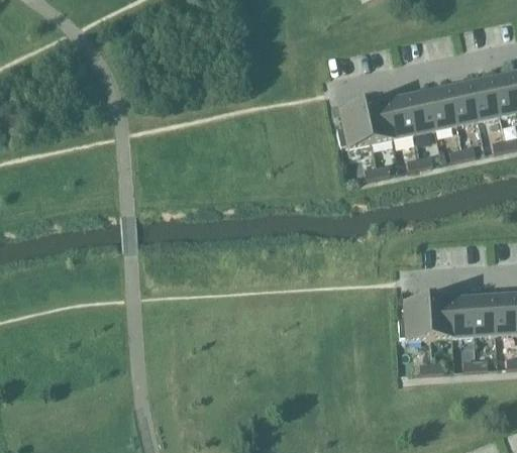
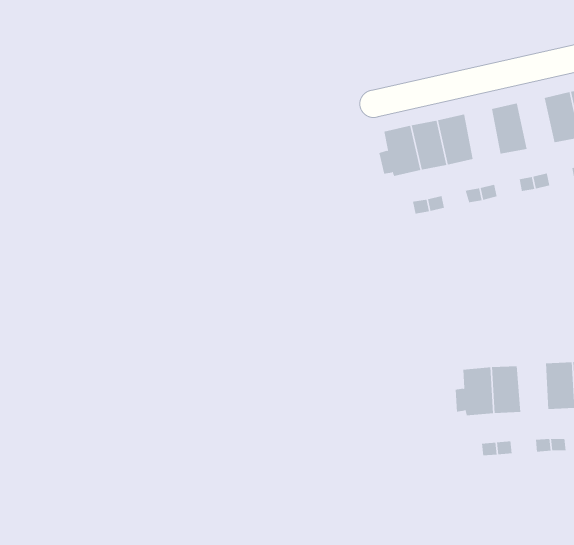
building: [451,82,481,123] -> none
building: [409,91,437,131] -> none
building: [451,296,476,335] -> none

